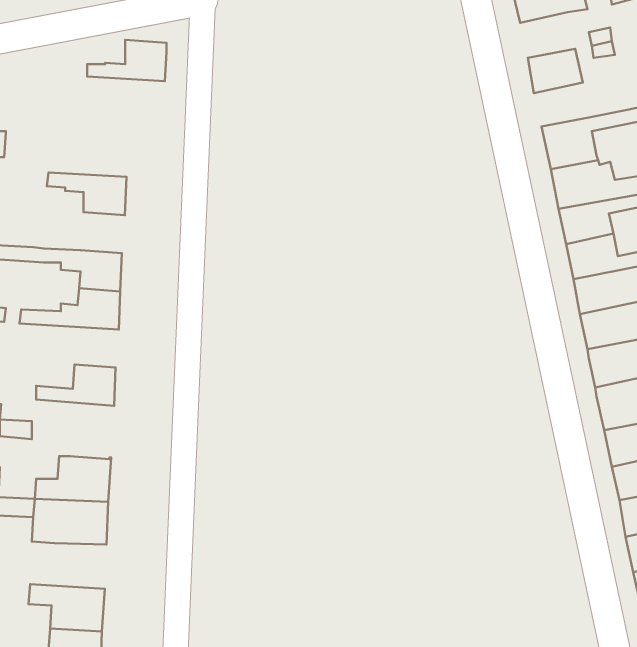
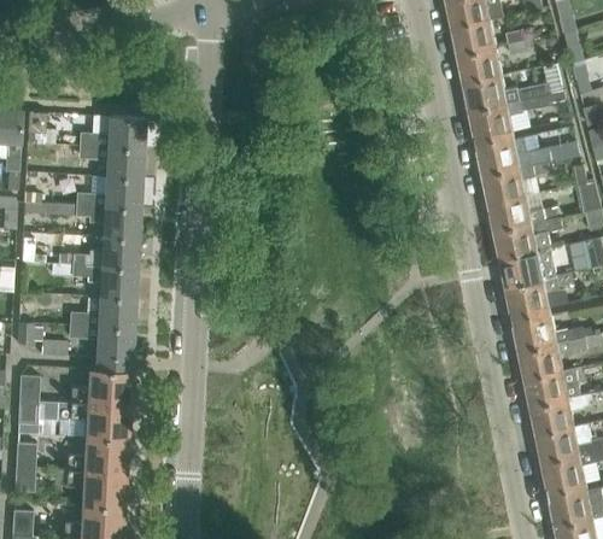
building: none -> [452,18,496,54]
building: [87,40,166,81] -> [80,116,142,148]
building: none -> [463,74,537,109]
building: none -> [76,176,140,209]
building: none -> [52,264,135,299]
building: none -> [69,324,131,371]
building: none -> [65,438,125,474]

